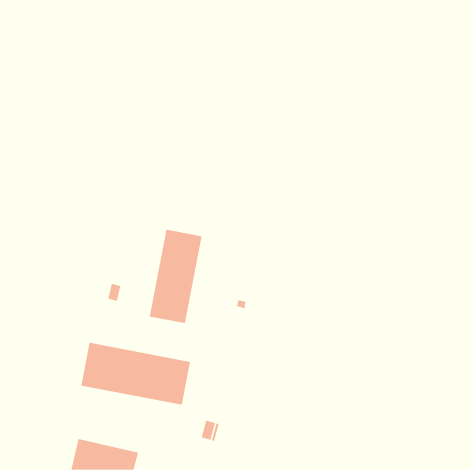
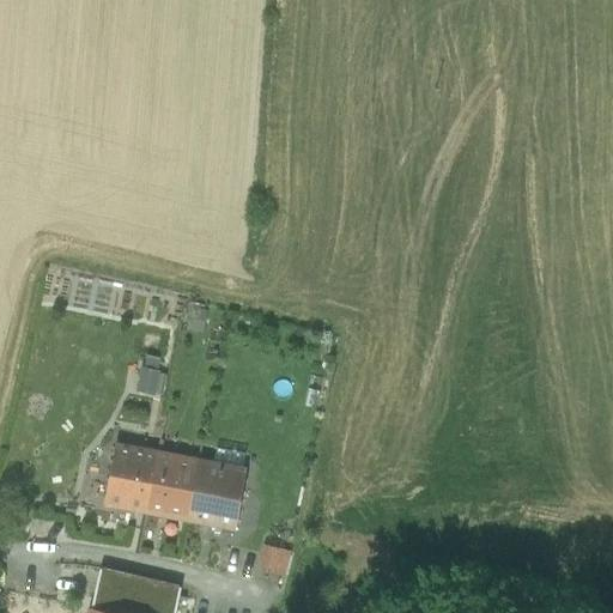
building: [149,229,202,324] -> none

